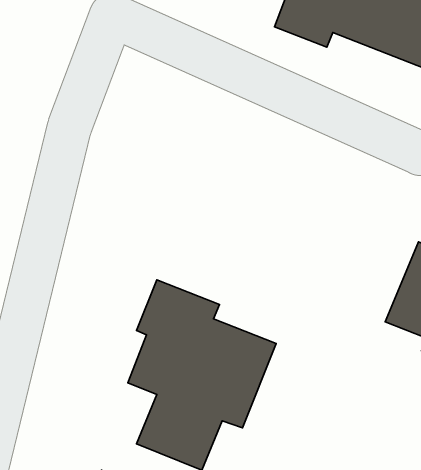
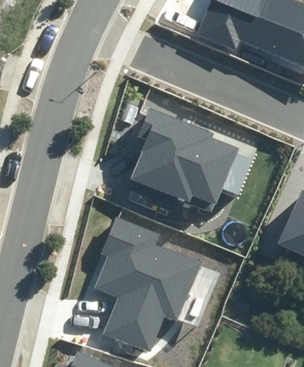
building: none -> [130,107,254,211]

